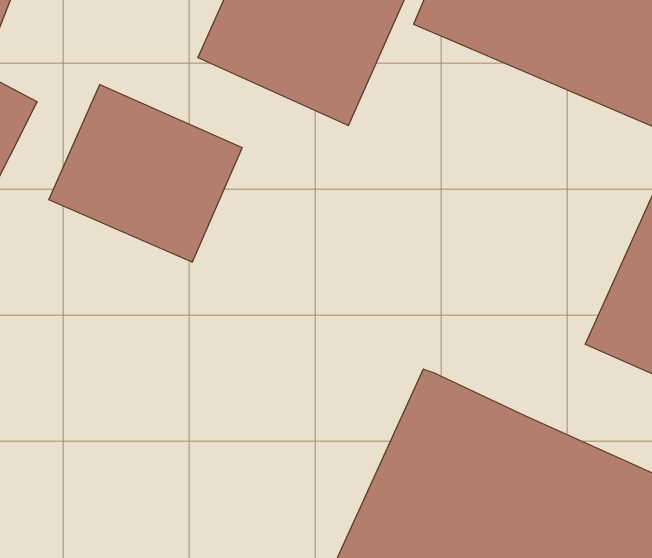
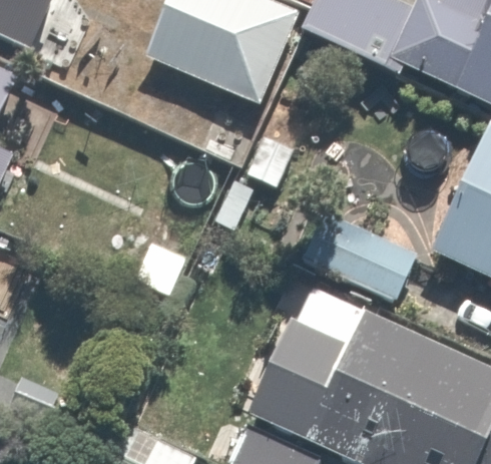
building: [49,84,242,262] -> none
building: none -> [321,218,417,317]

